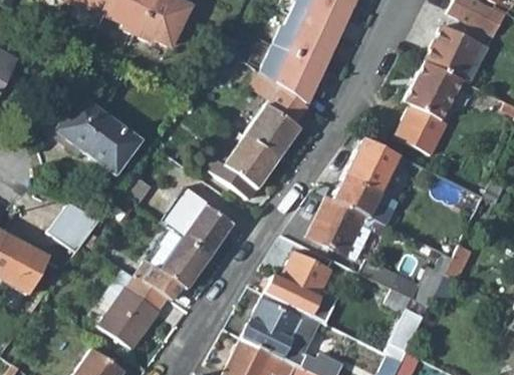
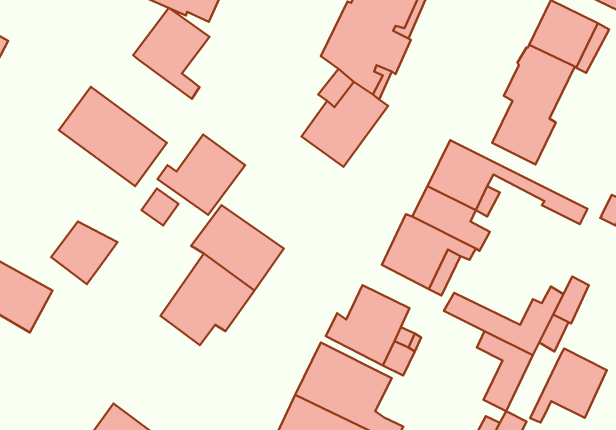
building: none -> [133,8,209,99]
building: [209,135,278,199] -> [157,135,245,215]
building: [97,270,165,350] -> none
building: none -> [530,348,607,422]

